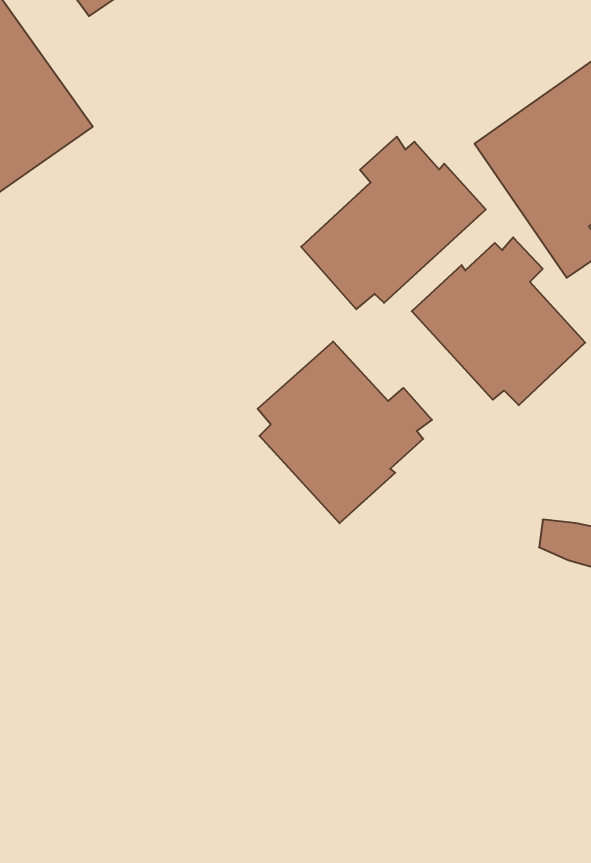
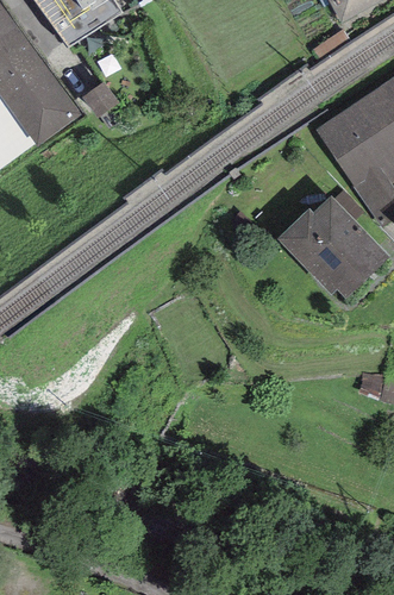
building: [301,137,486,309] -> none
building: [258,341,432,523] -> none

